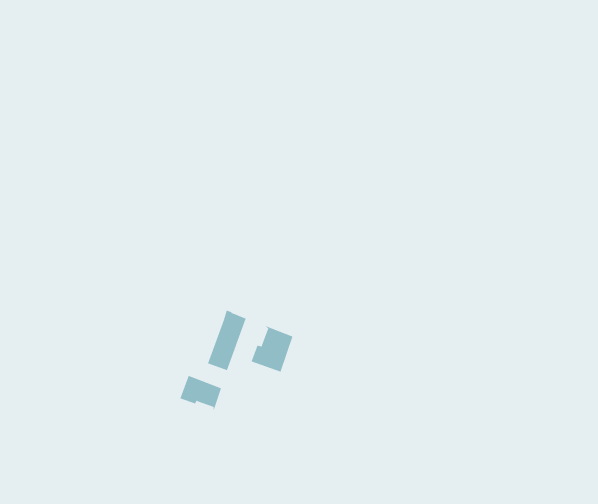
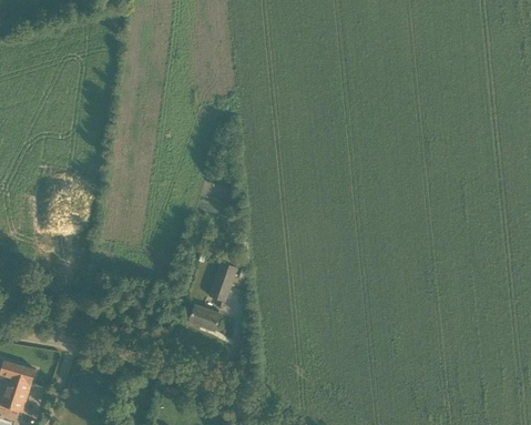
building: [251,325,293,372] -> none

